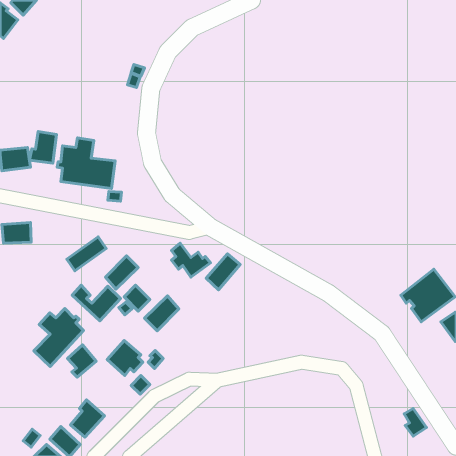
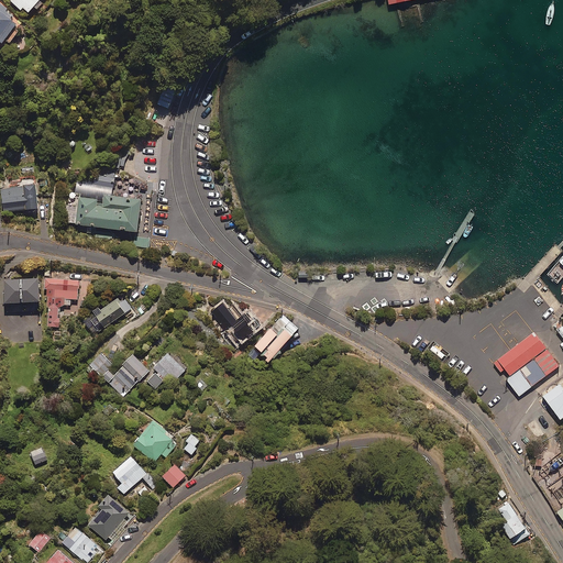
building: [30,132,56,163] -> none
building: none -> [44,278,77,327]
building: [105,256,138,289] -> none
building: [145,296,179,331] -> none
building: [34,309,84,366] -> none
building: [67,345,96,377] -> [111,454,146,494]

